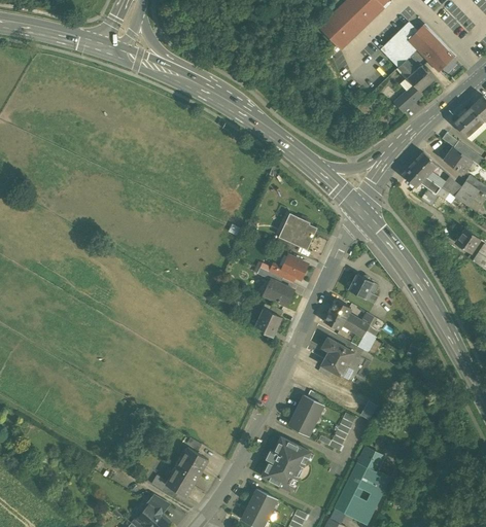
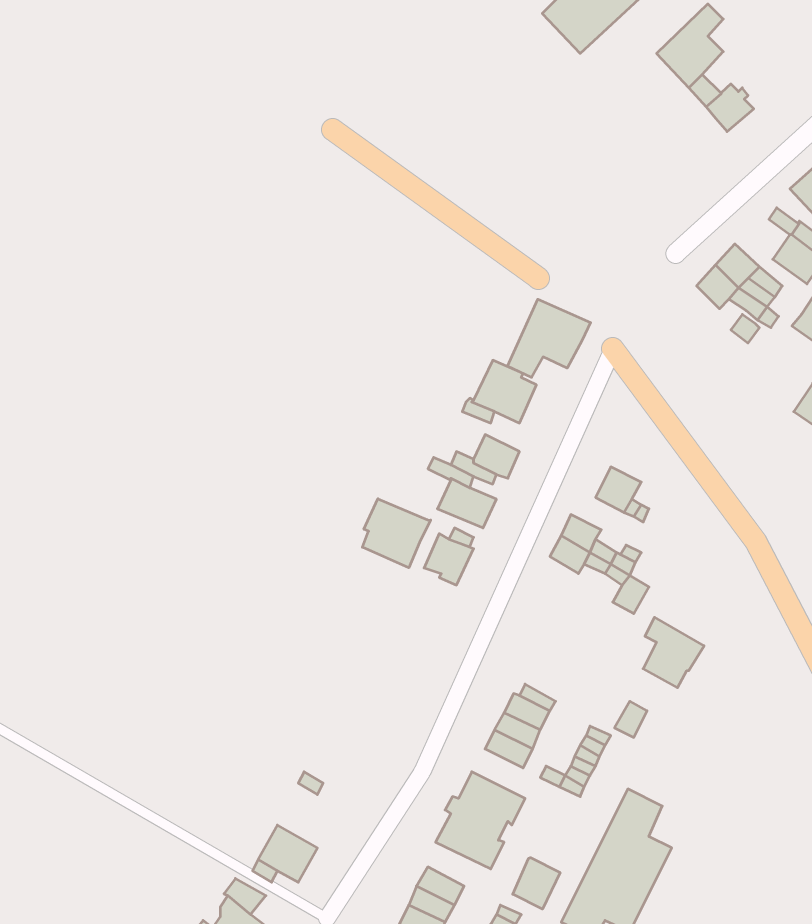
building: [409,26,454,71] -> none
building: [393,84,423,113] -> none
building: none -> [508,299,591,377]
building: none -> [362,499,431,568]
building: [321,338,354,376] -> [643,617,704,688]
building: [176,448,209,479] -> none
building: none -> [513,858,560,909]

